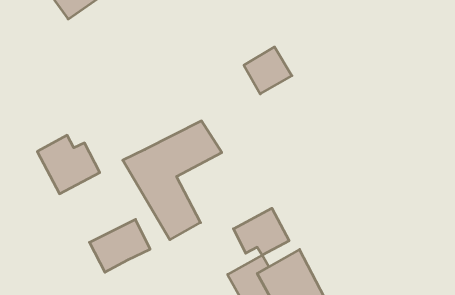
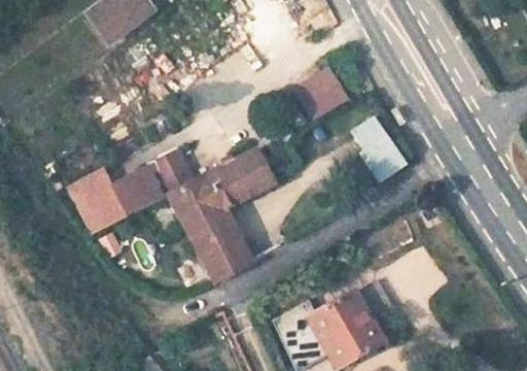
building: none -> [350,119,402,180]
building: [233,208,289,255] -> none
building: [89,219,150,272] -> [127,150,191,207]

